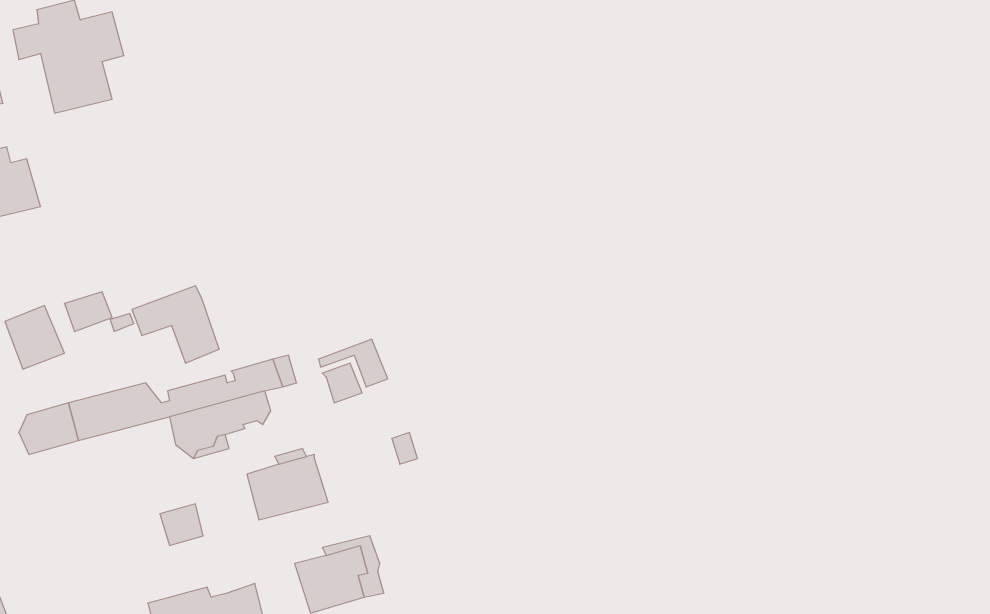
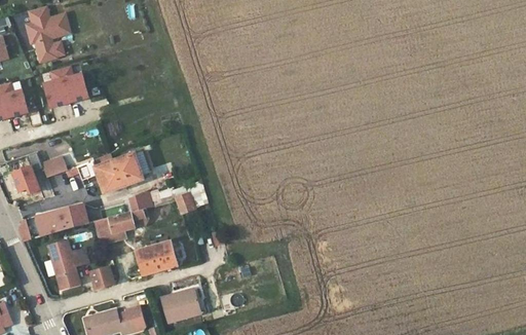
building: none -> [42,66,89,109]
building: none -> [112,151,149,187]
building: none -> [50,240,88,287]

